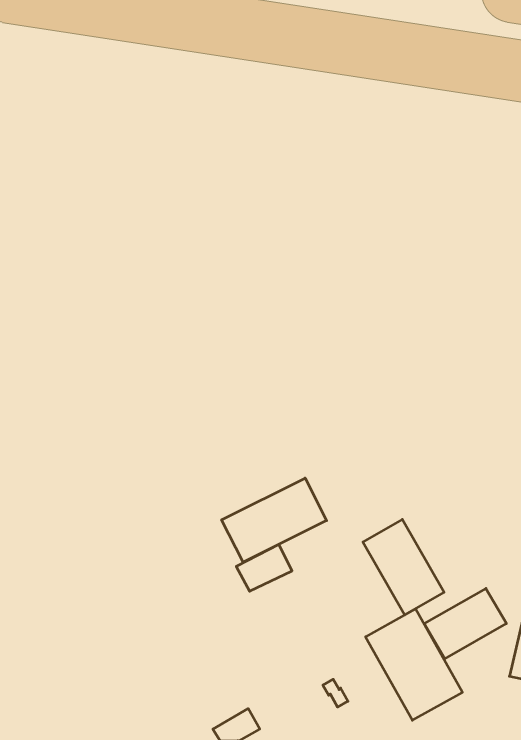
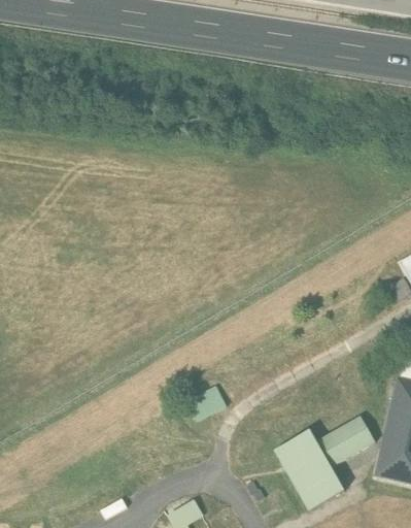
building: [222,478,327,562] -> none
building: [363,519,444,615] -> none

